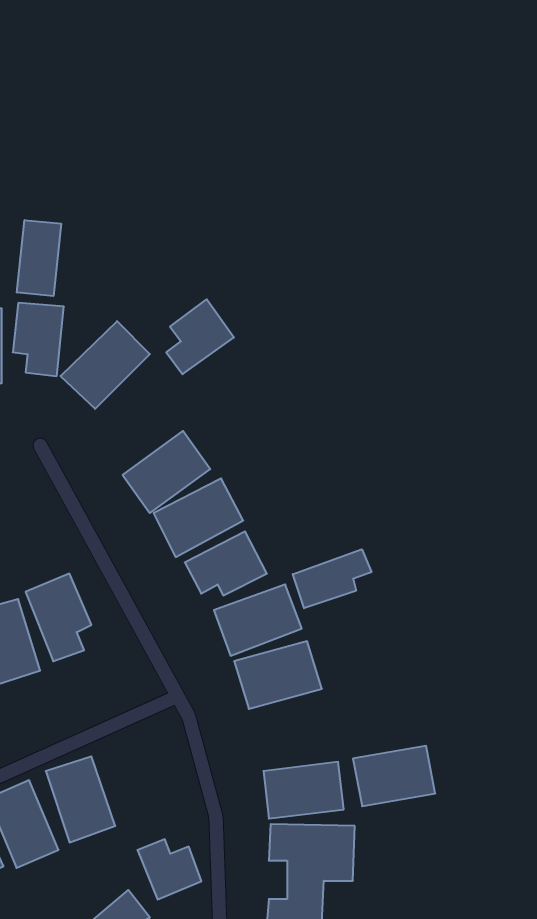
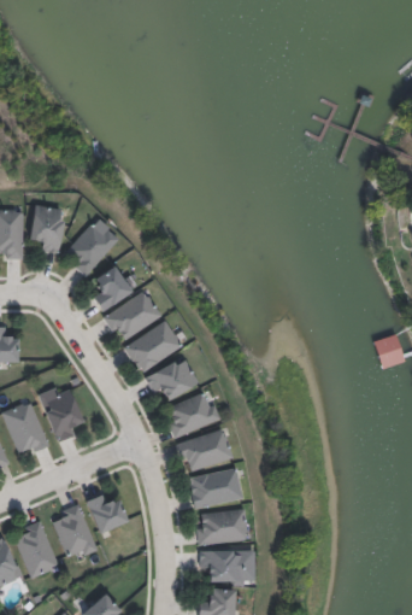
building: [17,220,61,296] -> none
building: [166,299,234,374] -> [92,262,136,311]
building: [293,549,371,608] -> none
building: [353,746,435,806] -> [188,468,242,508]
building: [137,839,201,900] -> [86,493,128,533]

